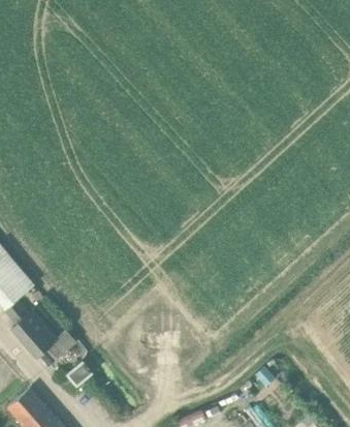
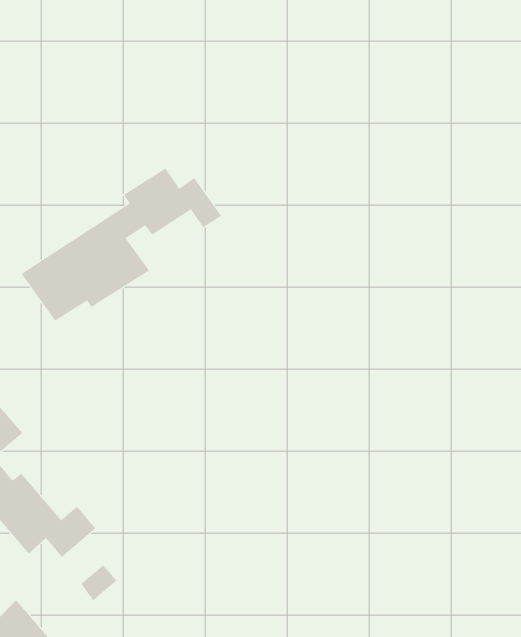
building: none -> [21,168,222,322]

